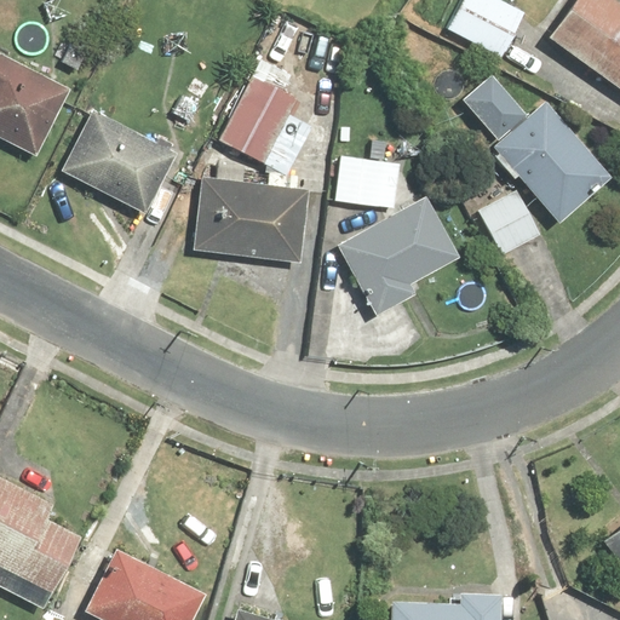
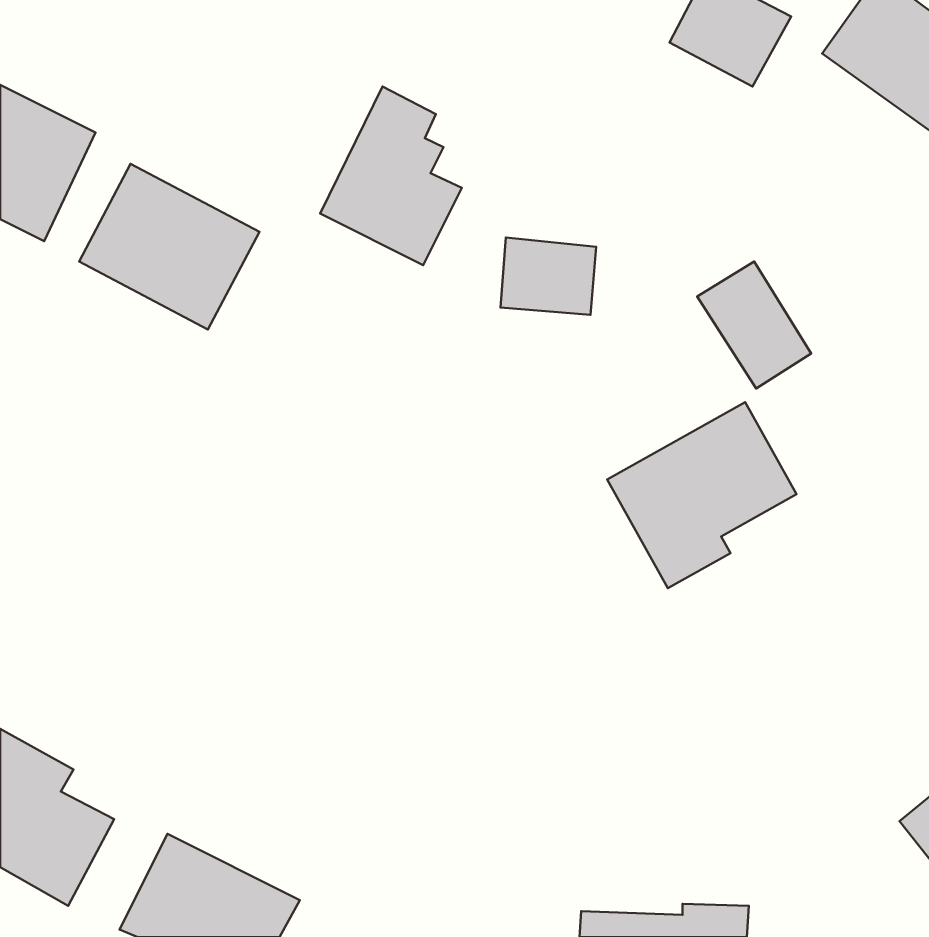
building: [463,75,610,226] -> none
building: [191,173,310,264] -> none
building: [335,195,460,317] -> [607,402,797,588]

